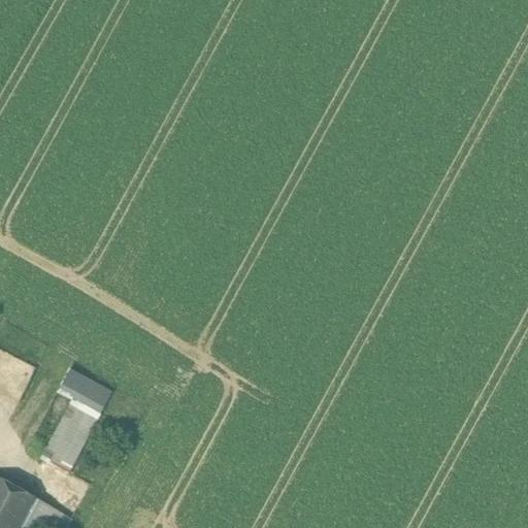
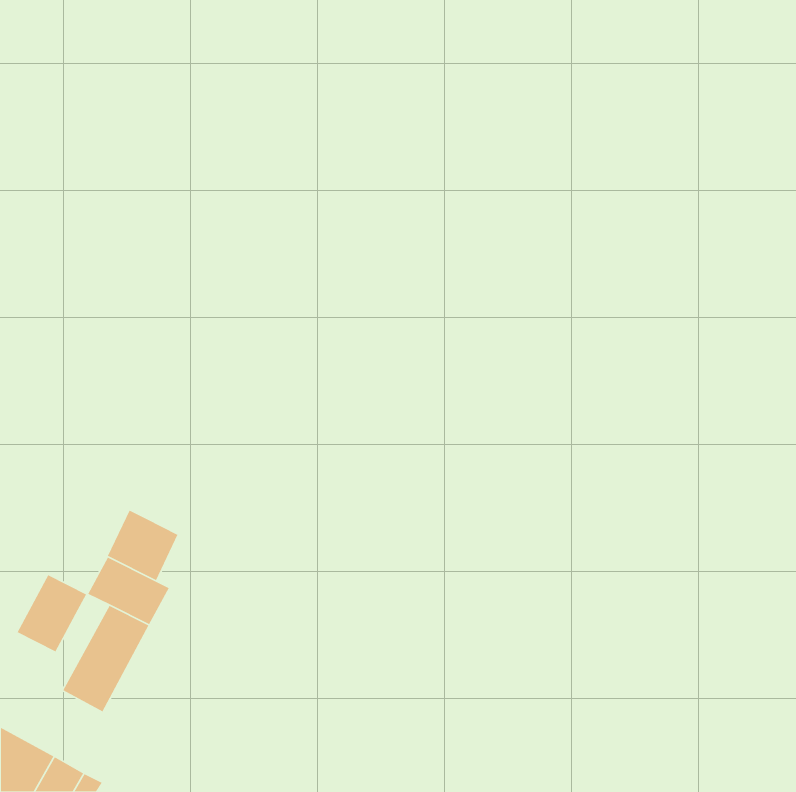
building: none -> [107,510,179,581]
building: none -> [16,574,87,652]

